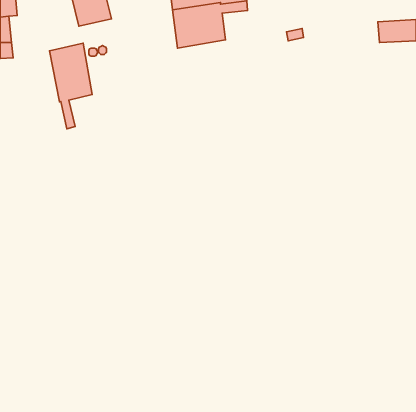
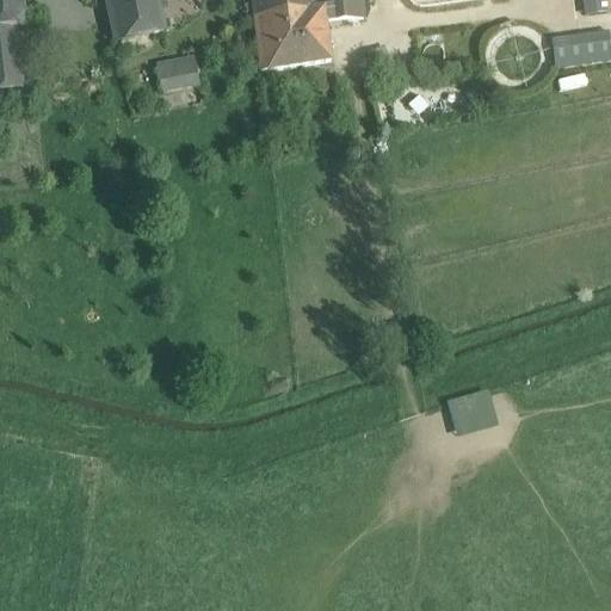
building: none -> [156,55,198,88]
building: [50,43,92,129] -> none
building: none -> [449,384,502,433]

